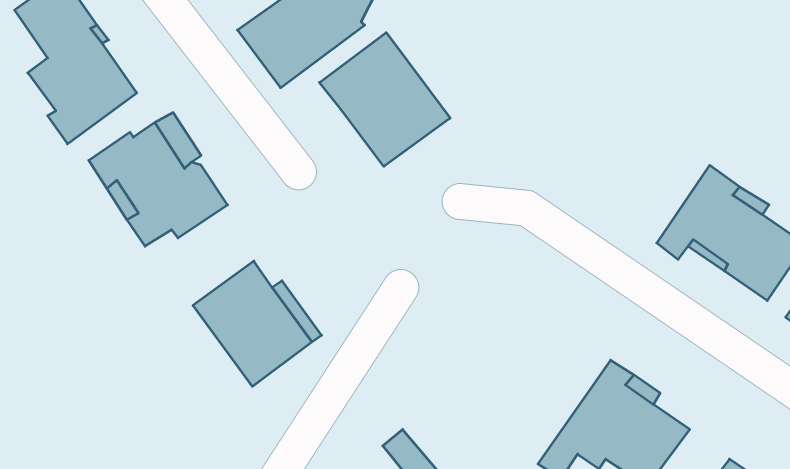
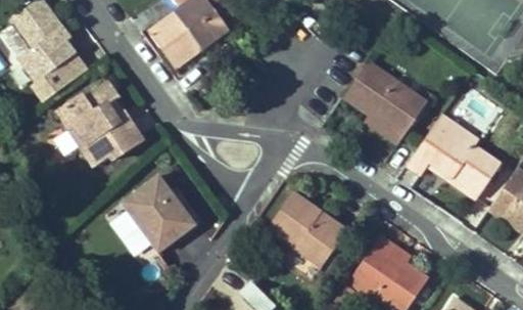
building: [319,33,450,166] -> none
building: none -> [343,59,427,144]
building: none -> [268,191,347,266]

